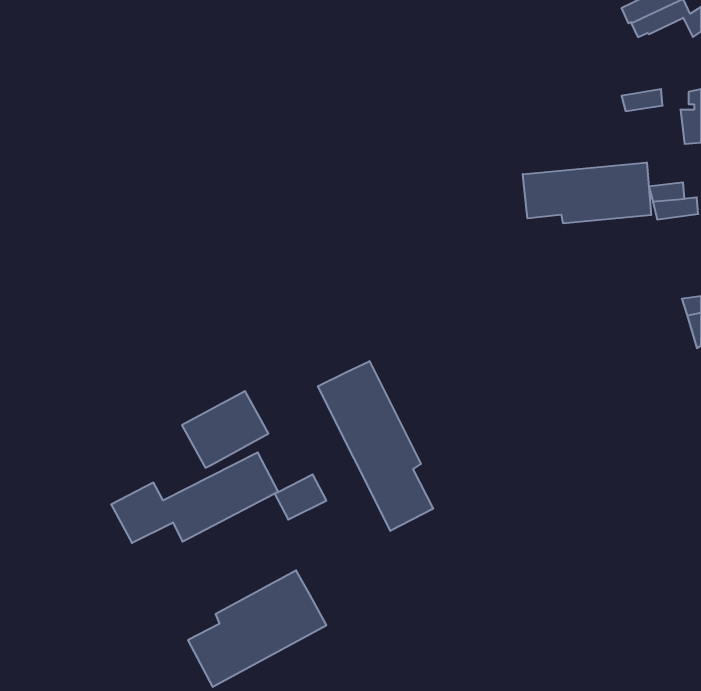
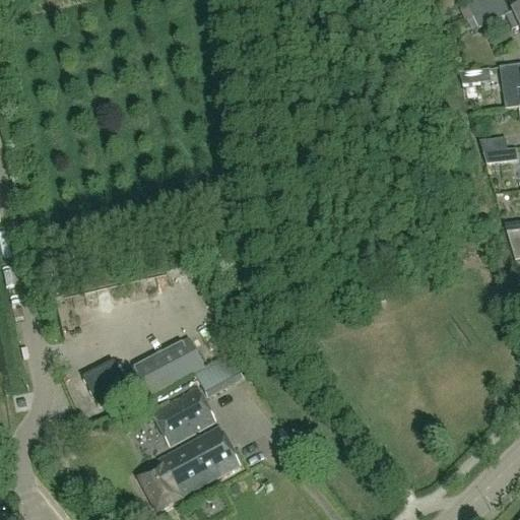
building: [523,162,651,223] -> none
building: [318,361,433,531] -> none
building: [182,391,268,468] -> [152,386,216,443]

